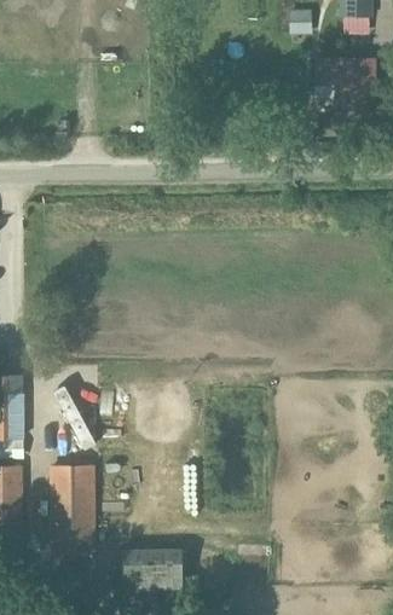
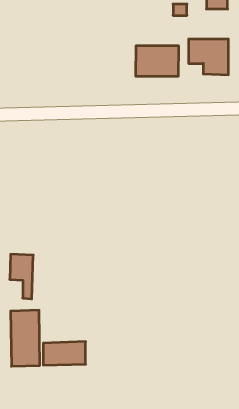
building: none -> [136,46,178,76]
building: [115,563,178,598] -> [43,342,86,365]

